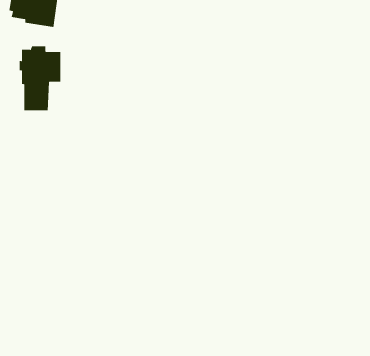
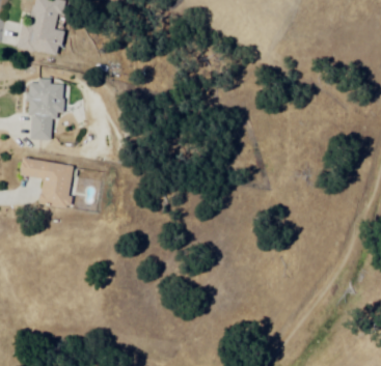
building: none -> [19,156,71,210]

